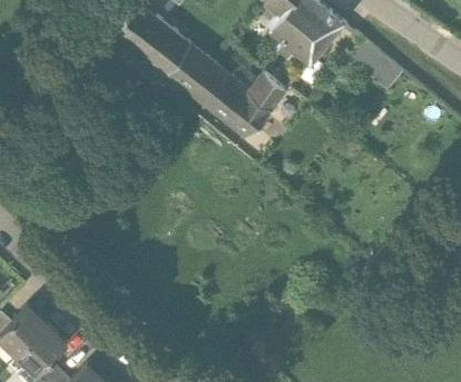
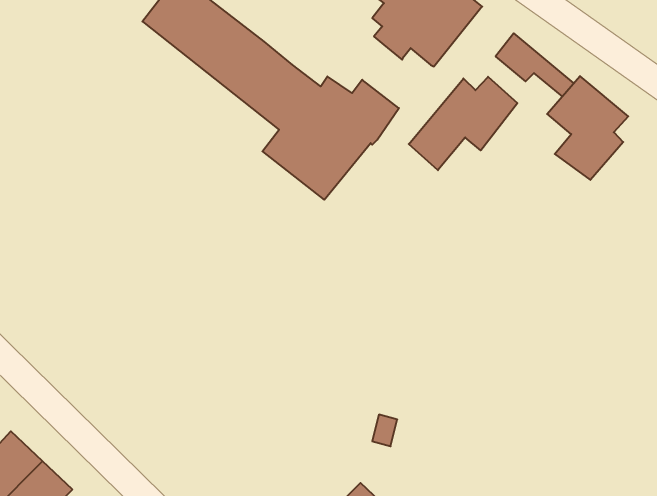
building: none -> [547,76,628,180]
building: none -> [409,77,517,170]

